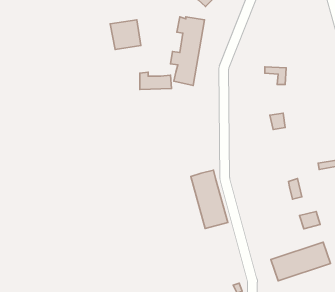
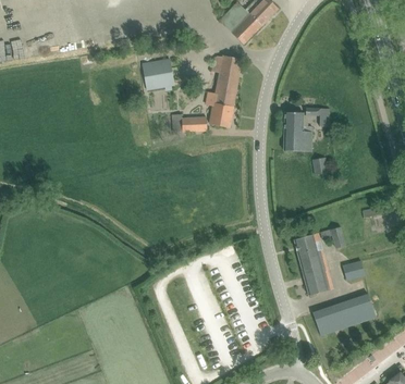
building: none -> [283,112,311,151]
building: [191,170,228,229] -> [293,233,332,295]

